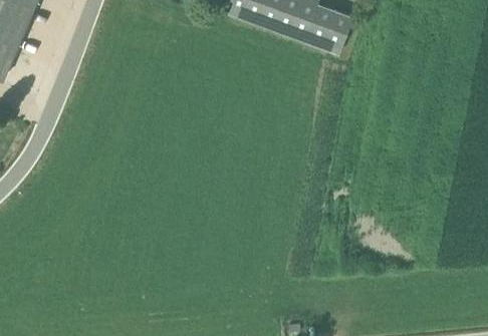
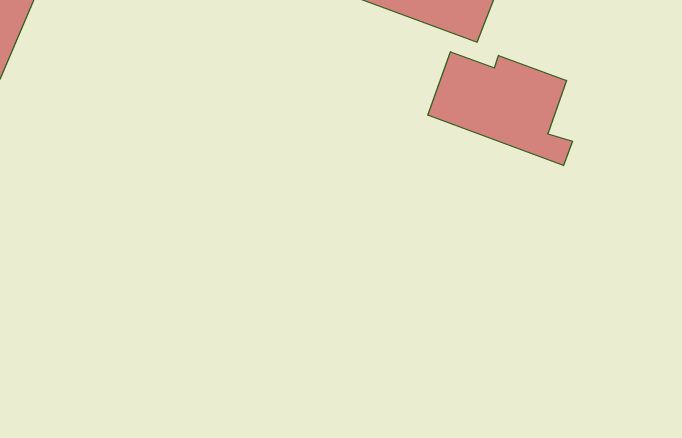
building: none -> [428,52,573,166]

